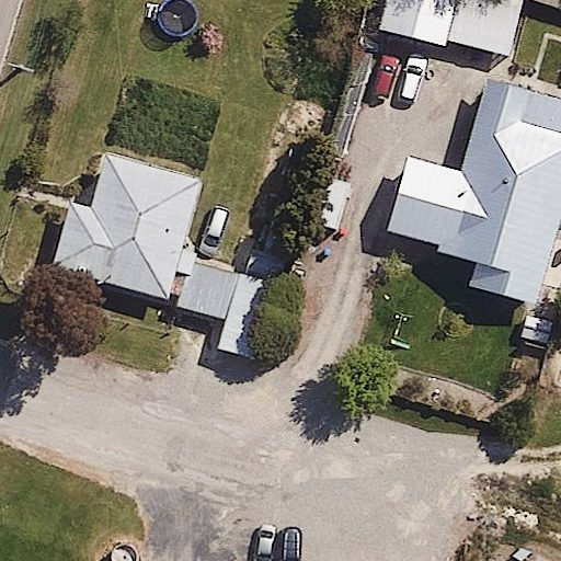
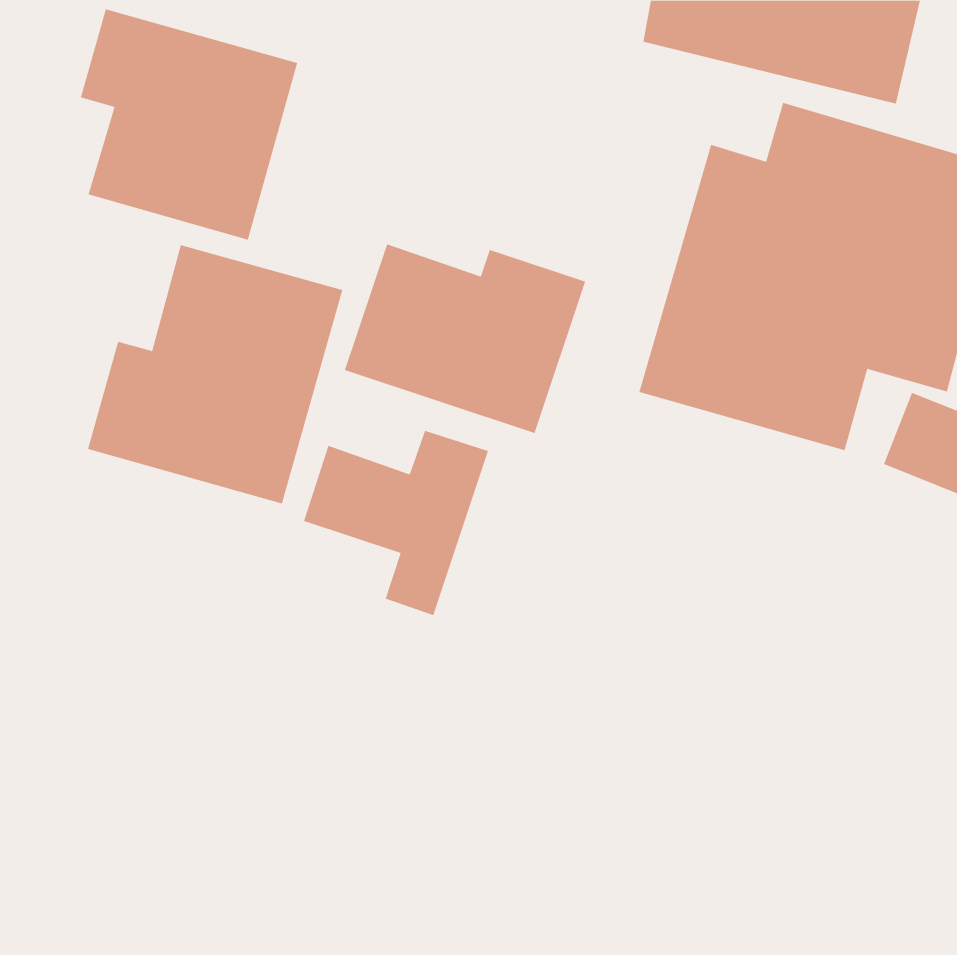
building: none -> [80,8,298,240]
building: none -> [344,243,586,434]

